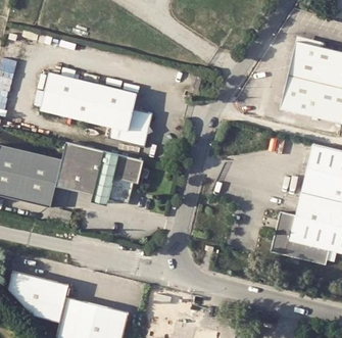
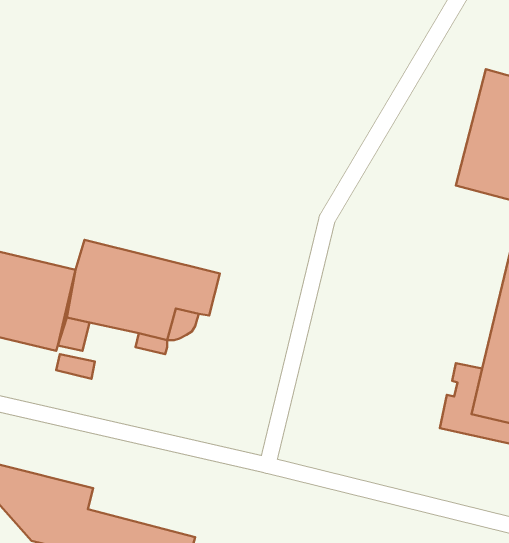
building: [40,73,152,149] -> none

